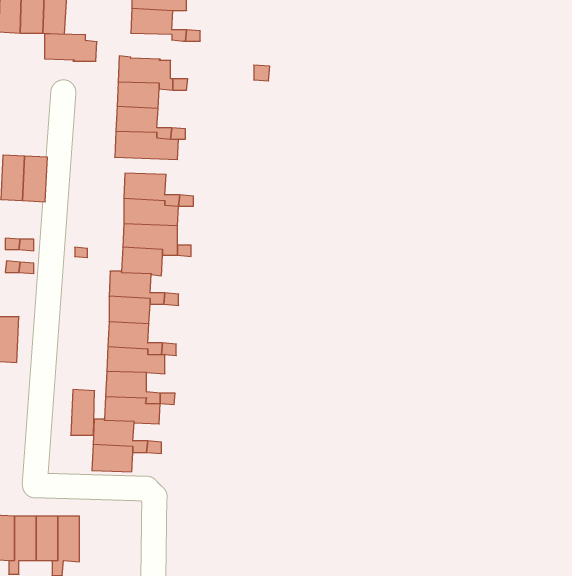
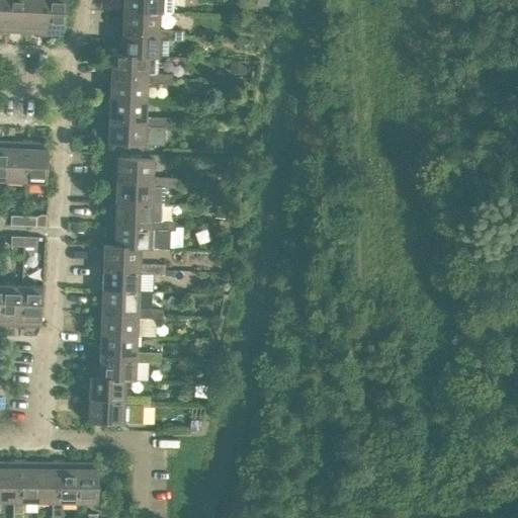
building: [45,34,97,61] -> [121,33,168,58]
building: [71,390,95,435] -> [20,285,41,326]
building: none -> [76,462,97,503]

